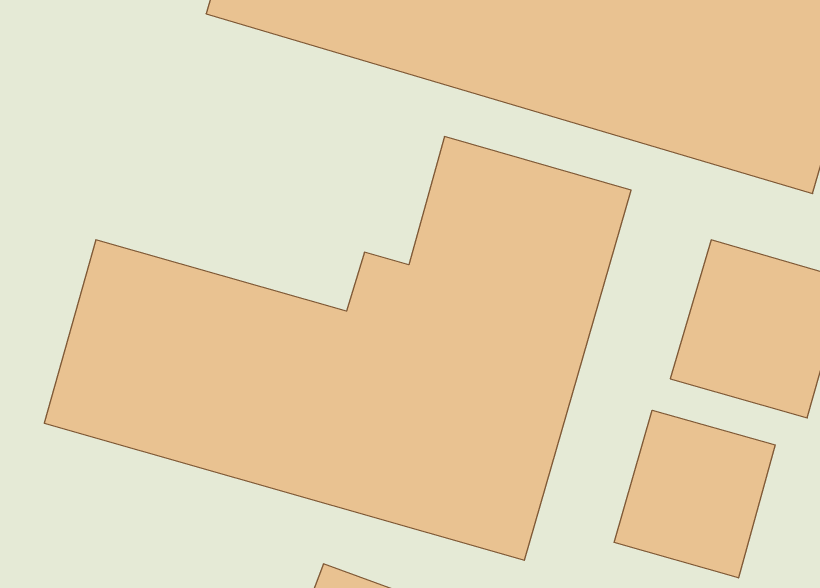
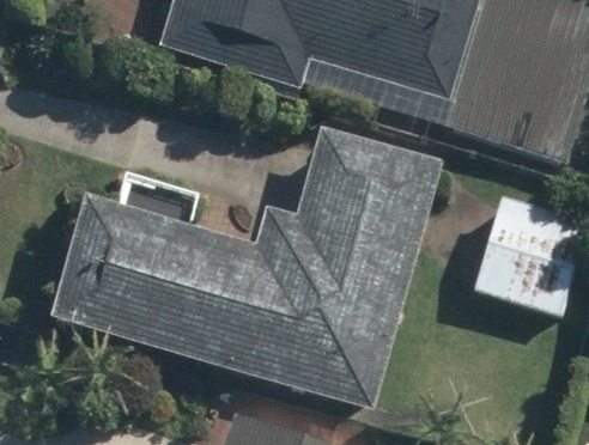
building: [614,410,775,578] -> none

